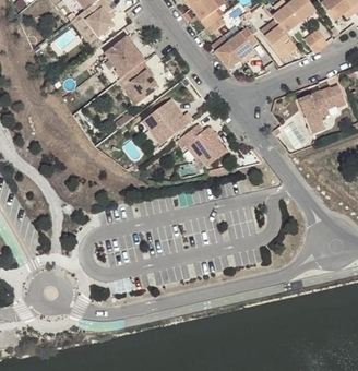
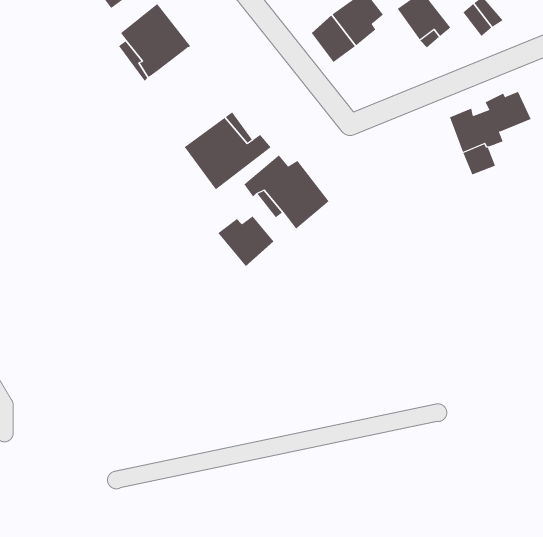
building: [124,60,158,97] -> none
building: none -> [217,215,274,267]

